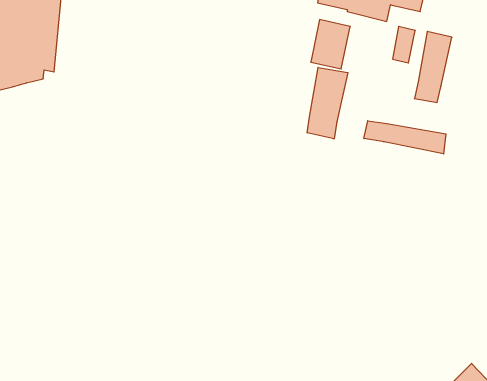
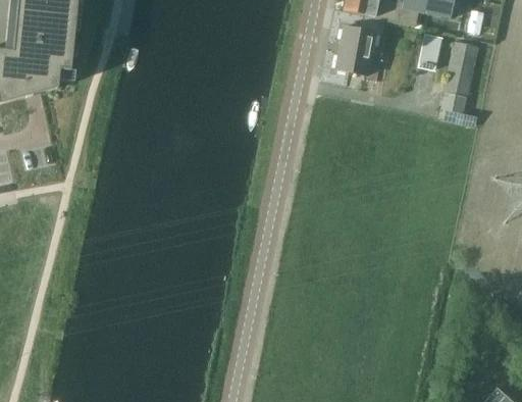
building: [307,67,348,139] -> none
building: [364,121,446,154] -> none

